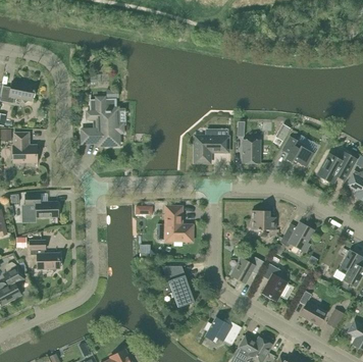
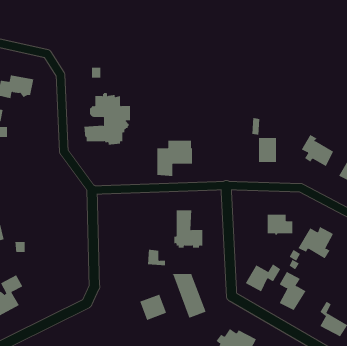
building: [195,128,228,162] -> [157,140,193,176]
building: [13,133,37,162] -> none
building: [24,193,58,217] -> none
building: [30,240,60,271] -> none
building: none -> [139,294,167,321]

